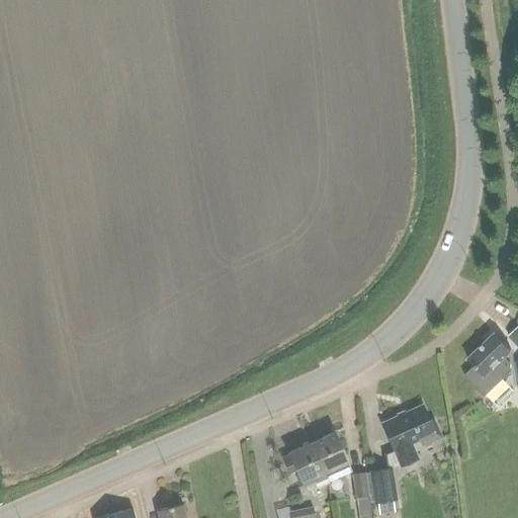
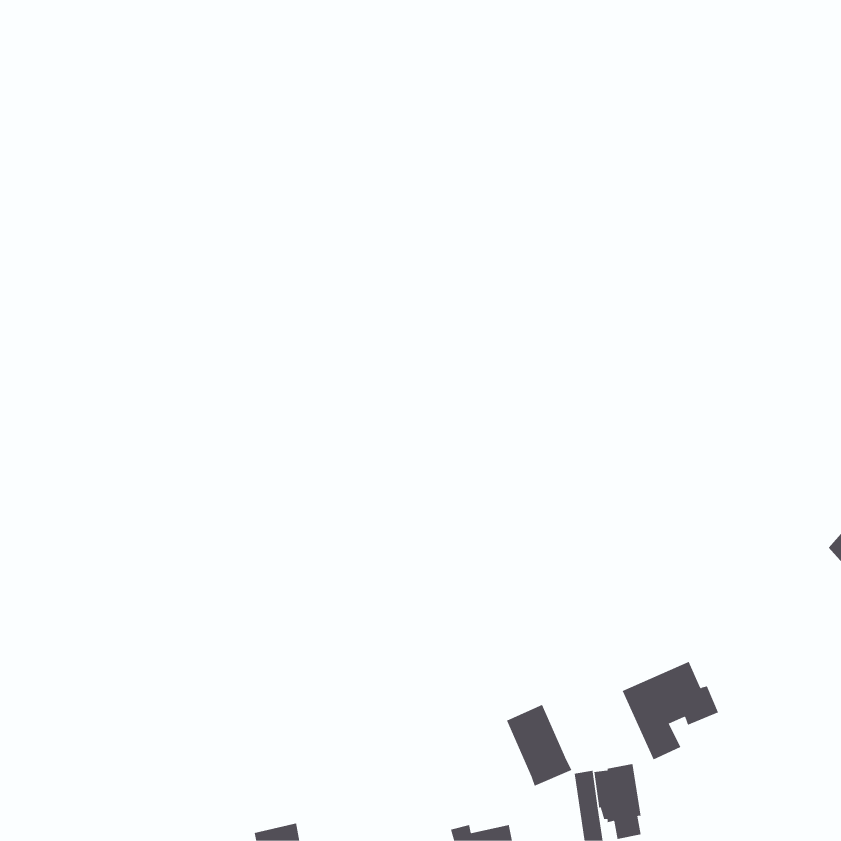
building: [466,334,512,397] -> none
building: [282,442,330,489] -> none

